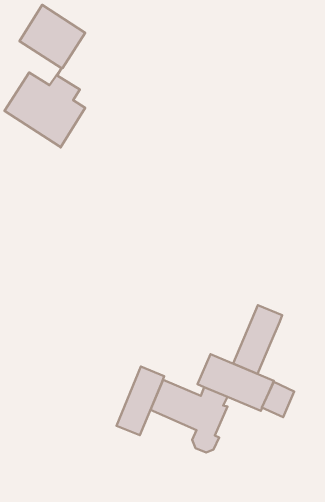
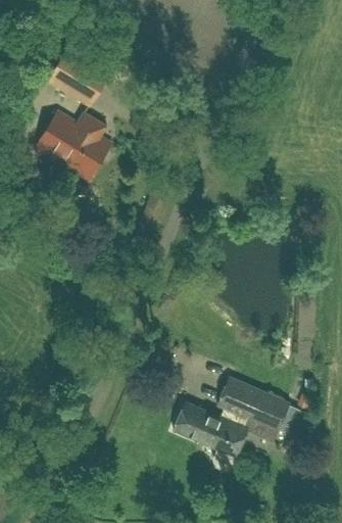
building: [233,305,282,374] -> none
building: [117,367,164,435] -> none

